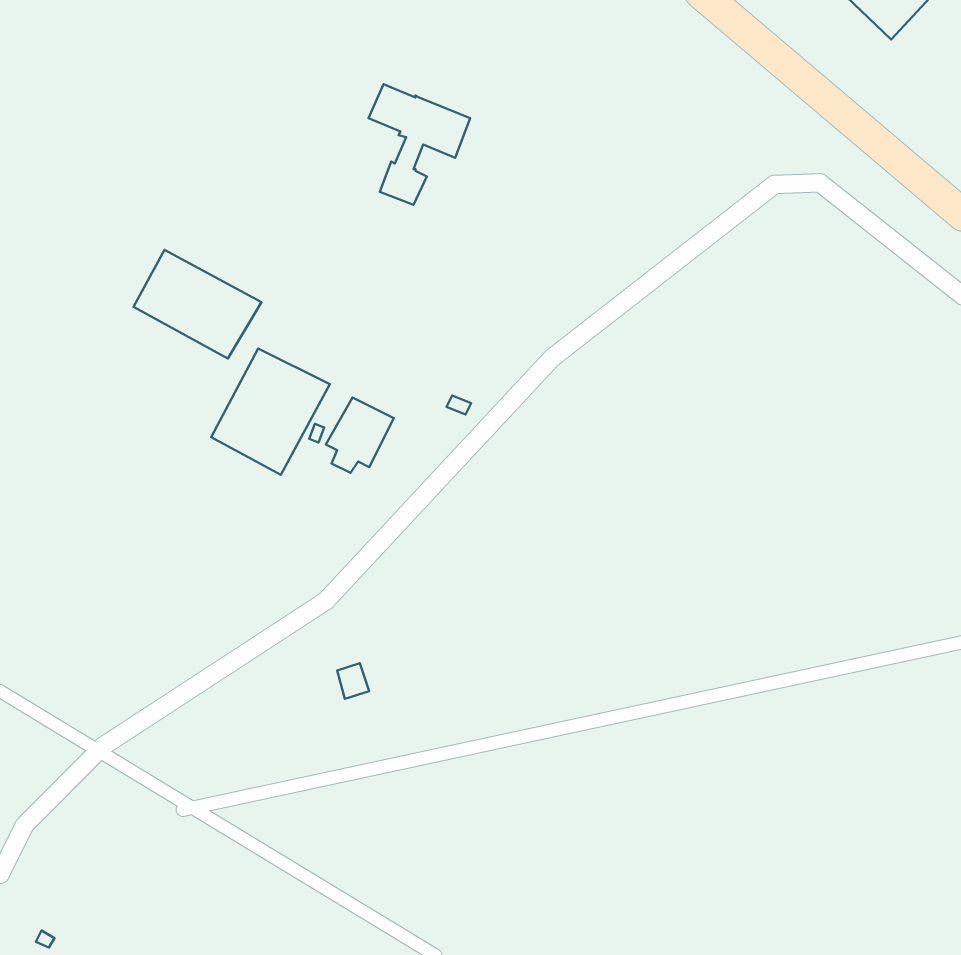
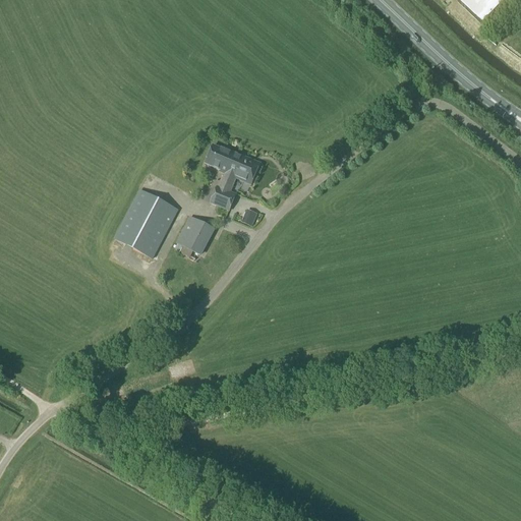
building: [368,84,470,205] -> [206,142,260,208]
building: [134,250,261,358] -> none

